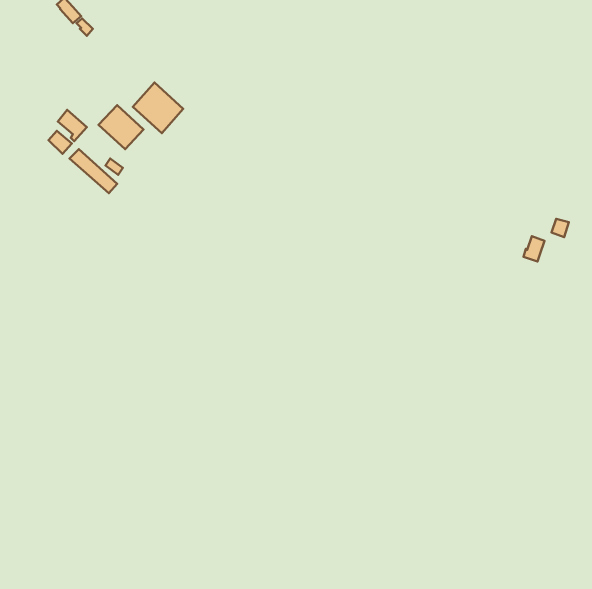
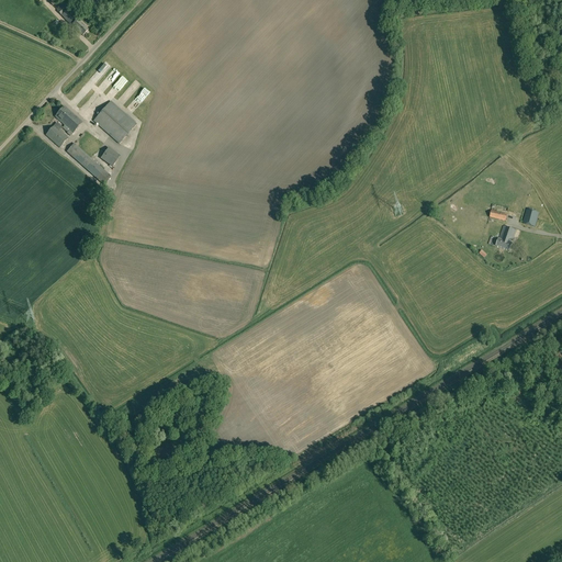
building: [133,82,183,133] -> none

